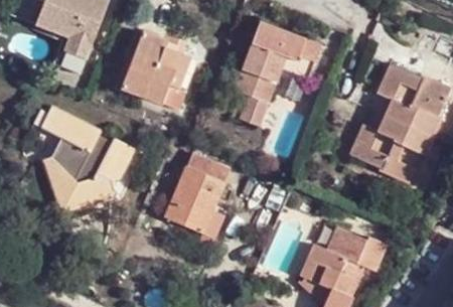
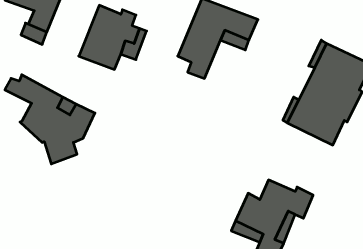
building: [167,152,234,243] -> none
building: [46,162,90,218] -> none

